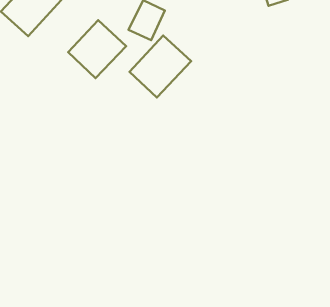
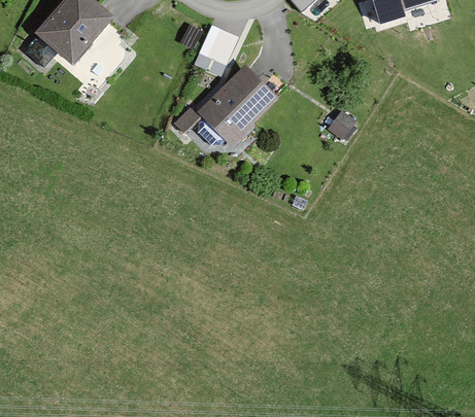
building: [68,20,126,78] -> none

